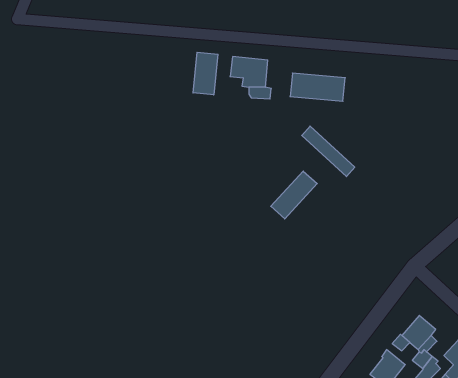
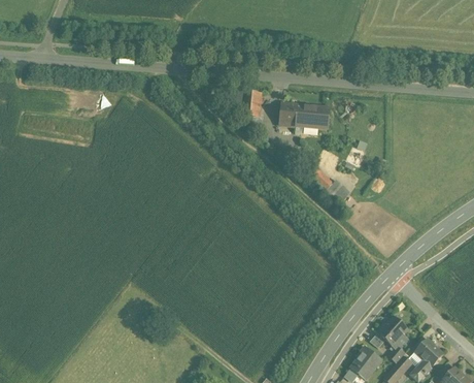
building: [193,52,218,95] -> none
building: [271,171,317,219] -> none

